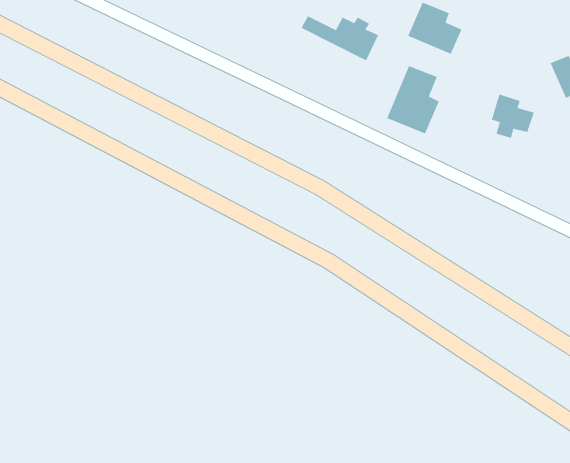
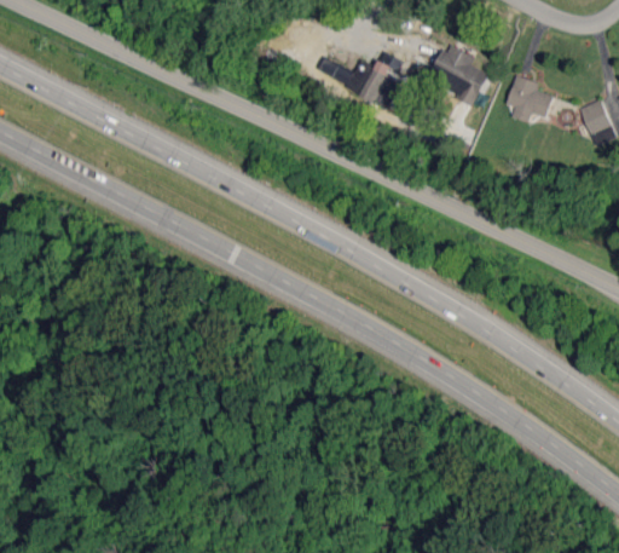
building: [386,65,440,134] -> none
building: [491,94,535,139] -> [507,75,553,122]

